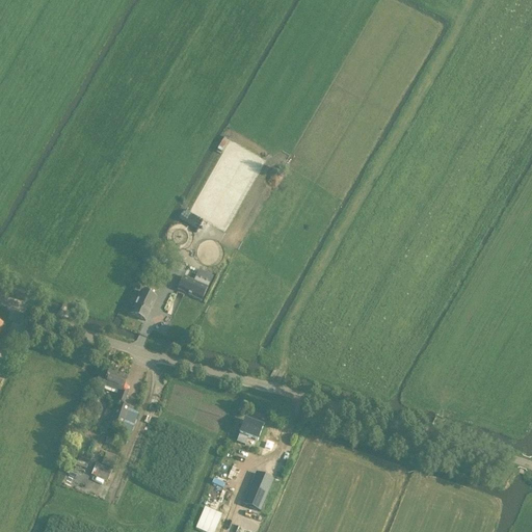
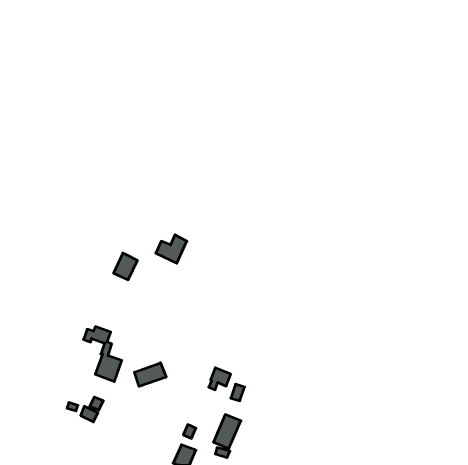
building: none -> [135,363,166,386]

